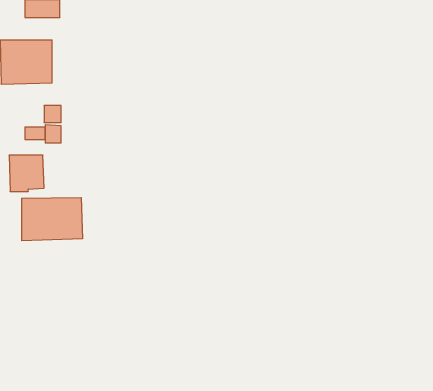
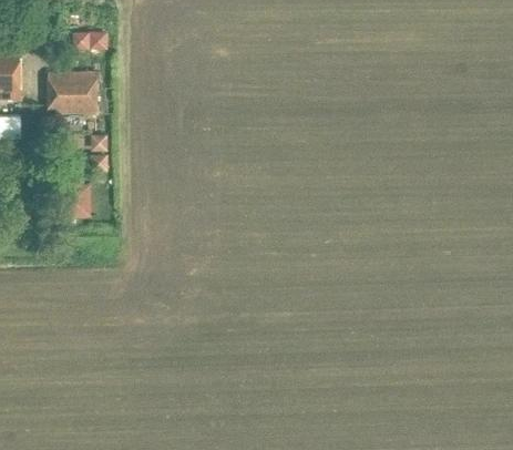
building: [22,198,82,241] -> none

